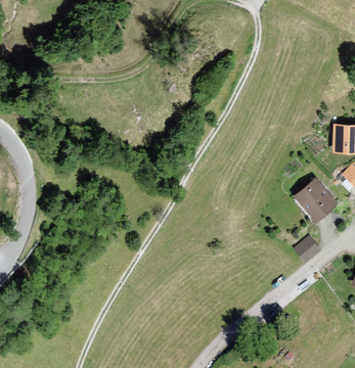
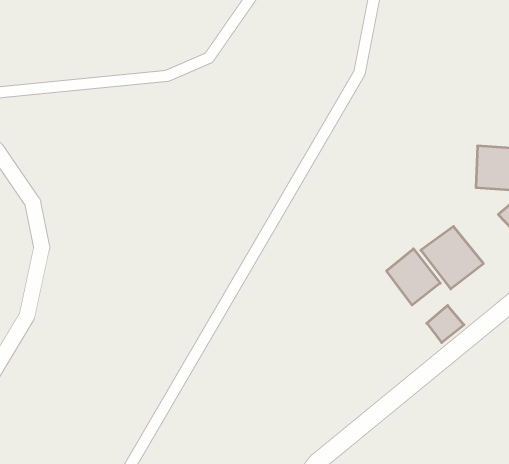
building: none -> [387,249,440,305]

